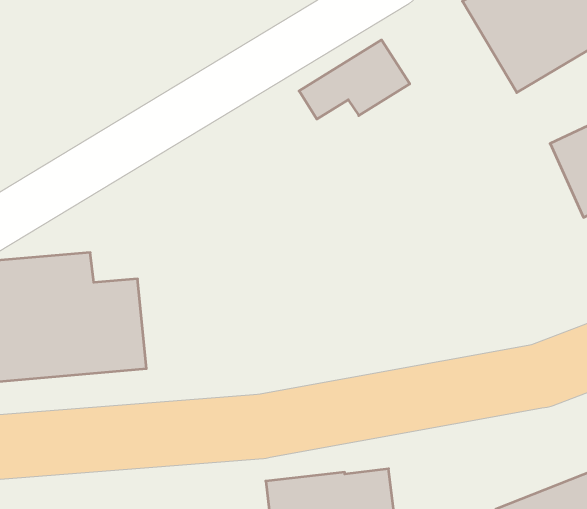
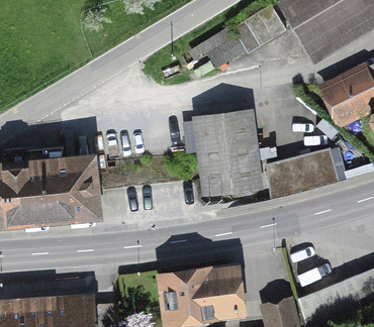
building: none -> [195,111,259,195]
building: none -> [267,149,337,200]

